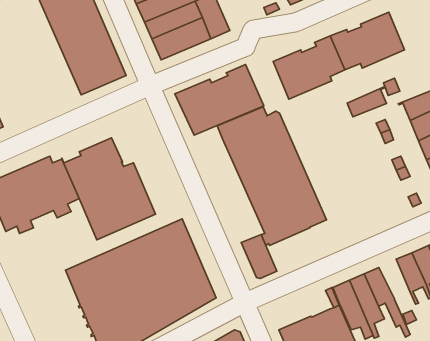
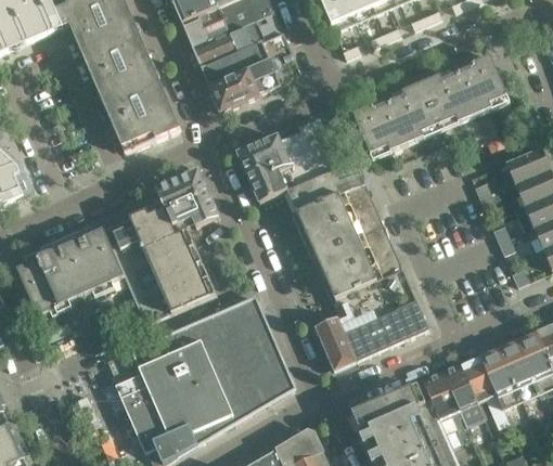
building: [347,87,387,117] -> none
building: none -> [154,169,218,232]
building: none -> [344,300,427,361]
building: none -> [477,347,520,409]
building: none -> [350,386,420,430]

